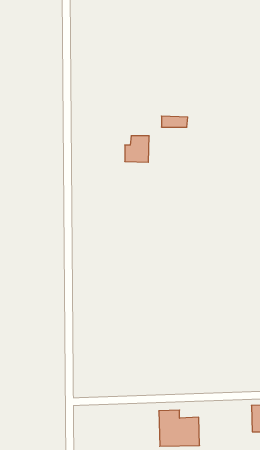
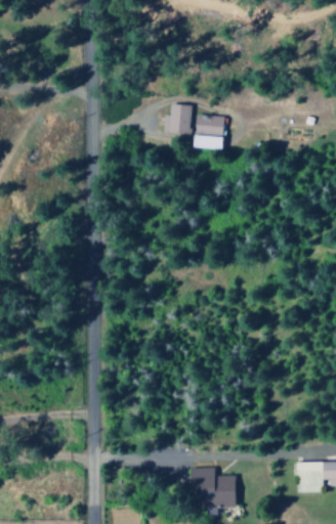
building: none -> [194,116,222,136]
building: [125,136,149,162] -> [161,104,188,134]

